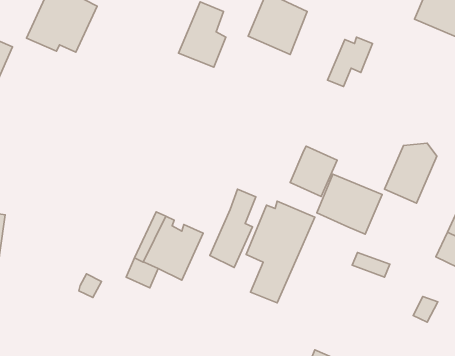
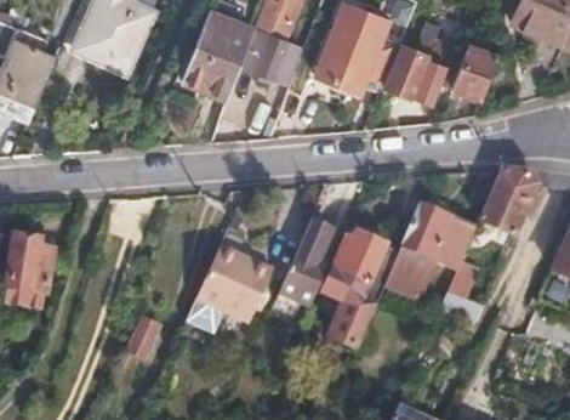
building: none -> [183,13,255,98]
building: none -> [384,36,435,96]
building: none -> [451,42,498,100]
building: none -> [314,46,371,92]
building: [290,146,337,196] -> [383,246,437,303]

